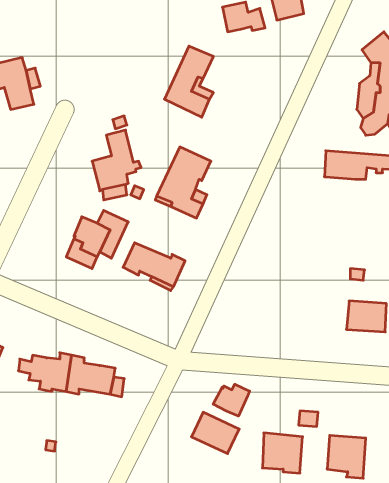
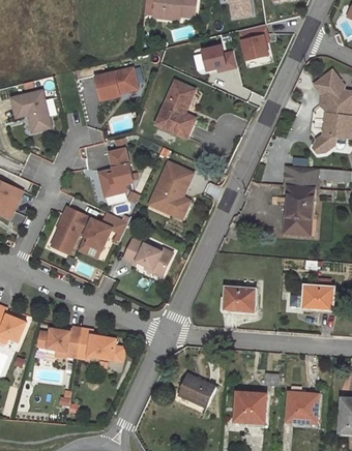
building: none -> [94,67,136,99]
building: none -> [276,185,311,236]
building: none -> [54,206,89,253]
building: none -> [223,285,256,311]
building: [213,384,250,416] -> none

